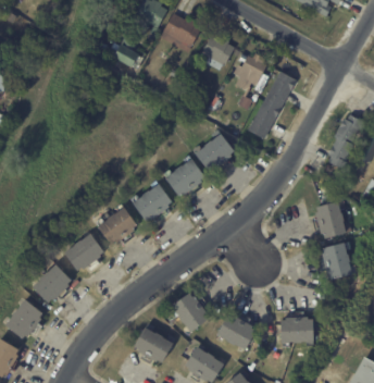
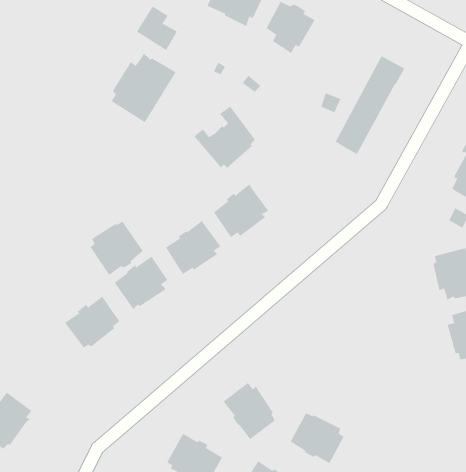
building: [233,54,265,91] -> none
building: none -> [111,53,177,123]
building: [190,126,233,169] -> [194,106,256,168]
building: none -> [90,221,144,276]
building: [33,264,71,302] -> none
building: [280,317,312,343] -> none

